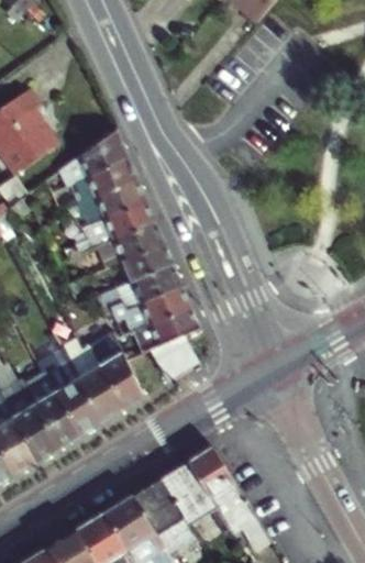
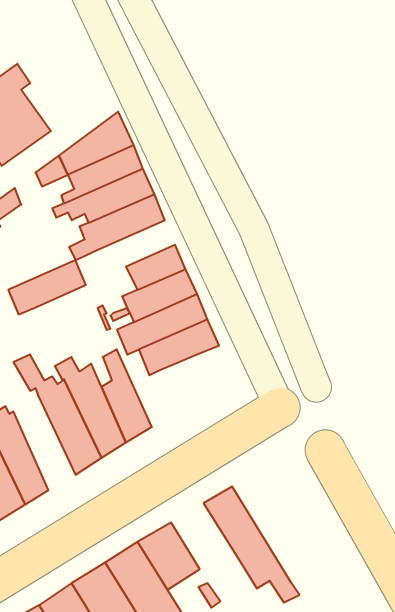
building: [97,221,163,267] -> [8,260,86,314]
building: [150,334,196,382] -> none
building: [25,371,78,451] -> none
building: [159,462,217,525] -> none

